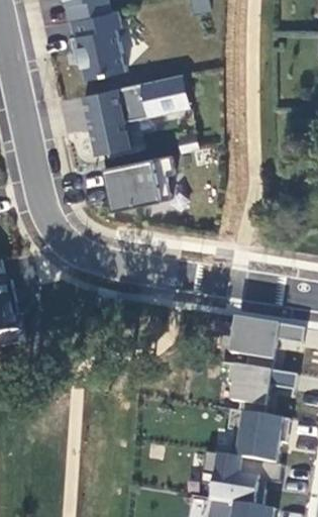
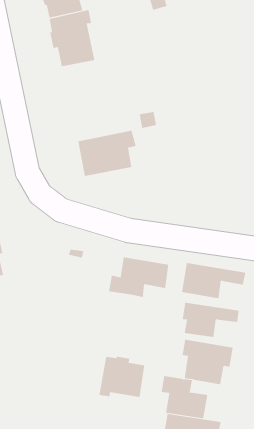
building: [83,76,190,157] -> none
building: none -> [109,256,169,298]
building: none -> [99,356,145,398]

